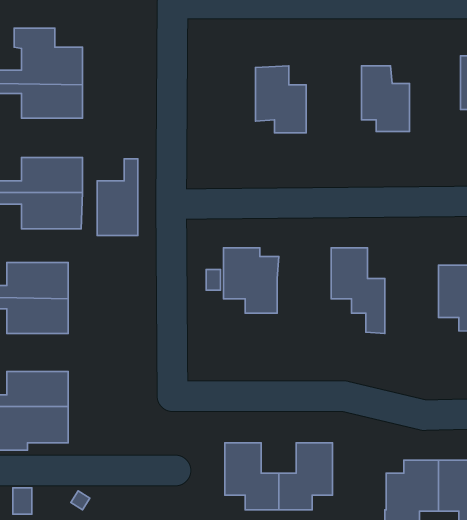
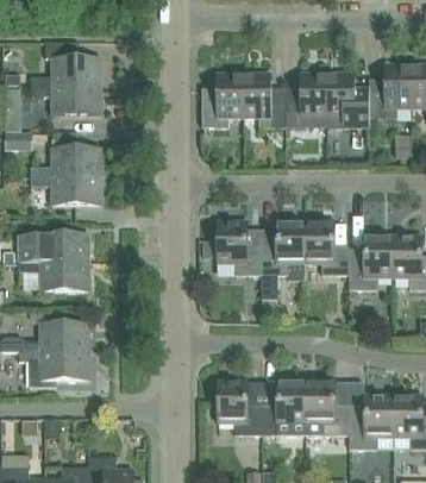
building: none -> [369,64,411,118]
building: none -> [284,73,330,127]
building: none -> [201,74,243,127]
building: [97,159,138,235] -> none
building: none -> [261,221,305,299]
building: none -> [349,236,393,289]
building: none -> [306,381,350,435]

